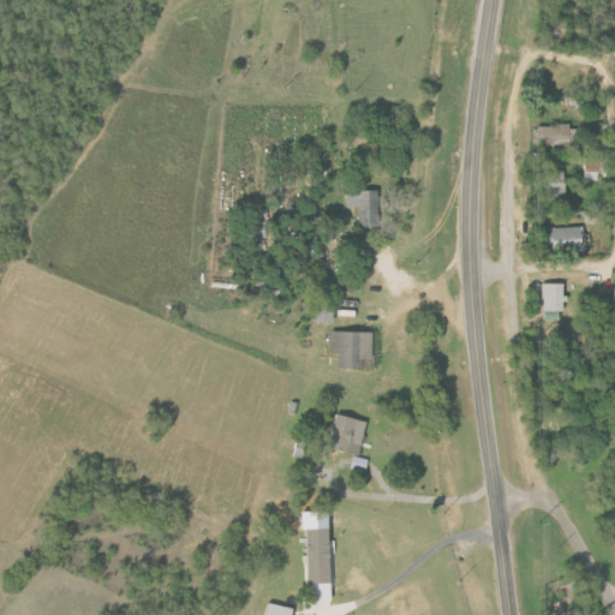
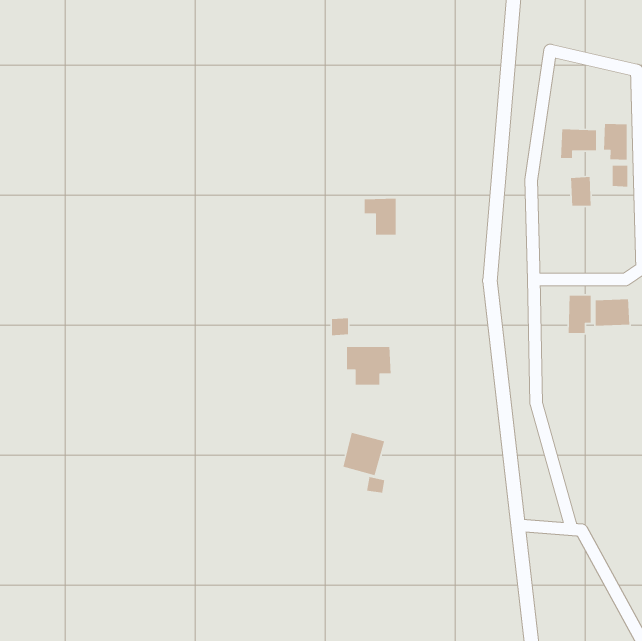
building: none -> [603,123,628,161]
building: [550,225,584,251] -> [595,299,630,326]
building: [308,526,333,601] -> none

